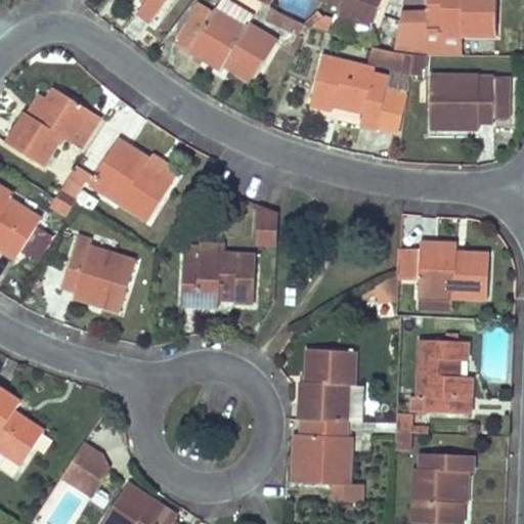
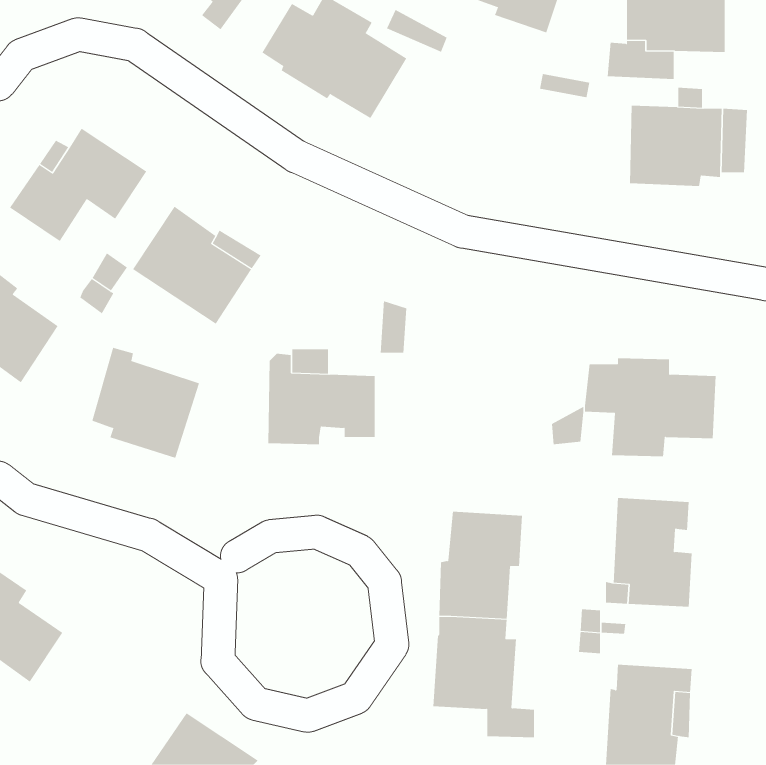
building: [395,13,427,52] -> none
building: [308,55,401,131] -> none
building: [63,442,107,493] -> none

